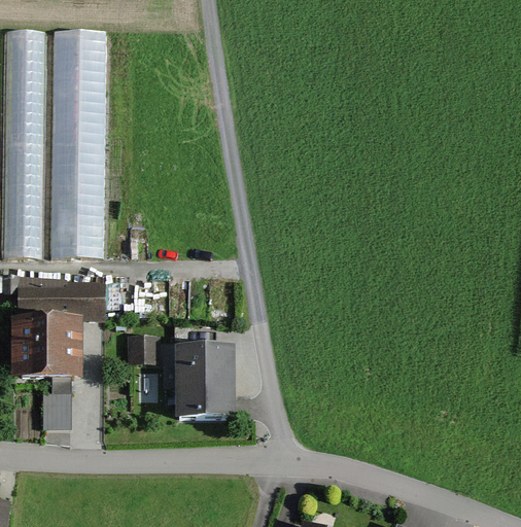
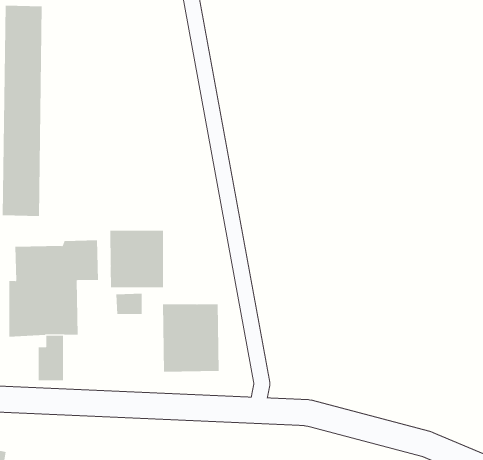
building: [51,29,105,250] -> none
building: none -> [110,230,164,288]

